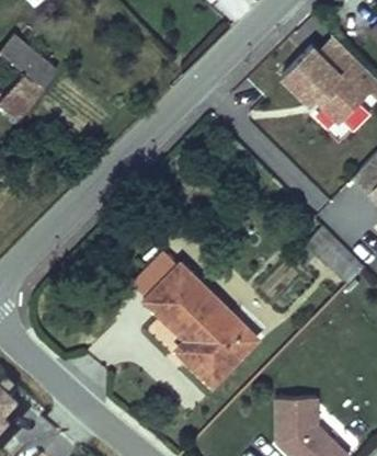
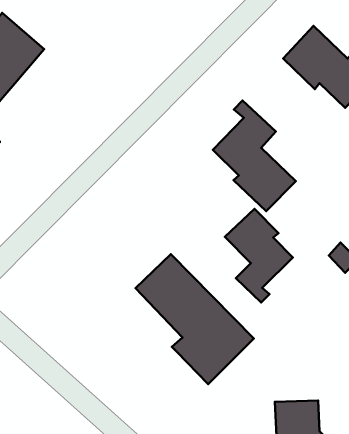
building: none -> [213,100,296,211]
building: none -> [225,209,293,303]

